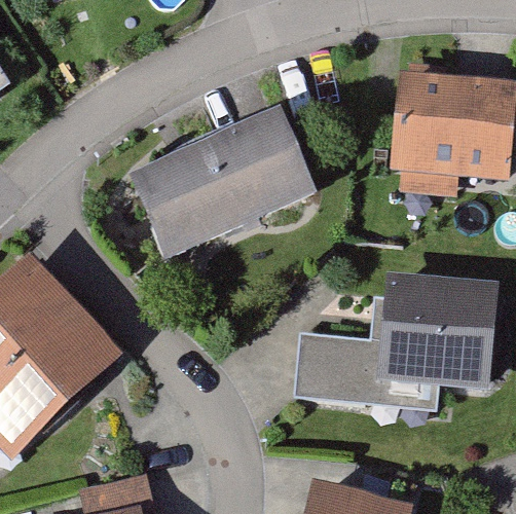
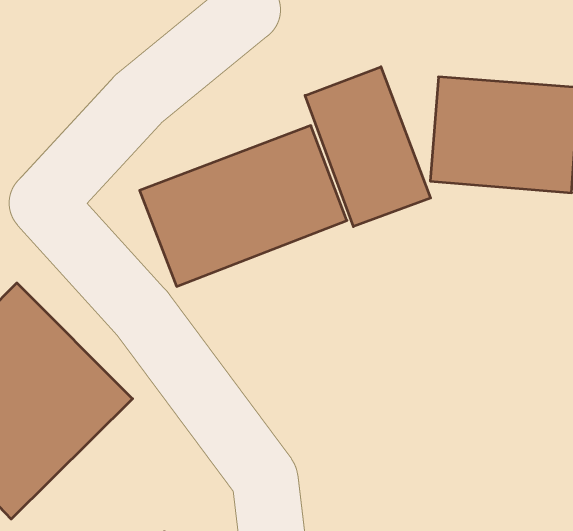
building: none -> [305,67,431,227]
building: [297,277,500,409] -> none

